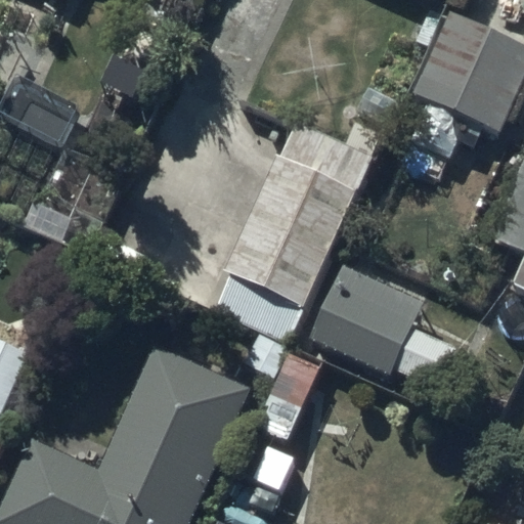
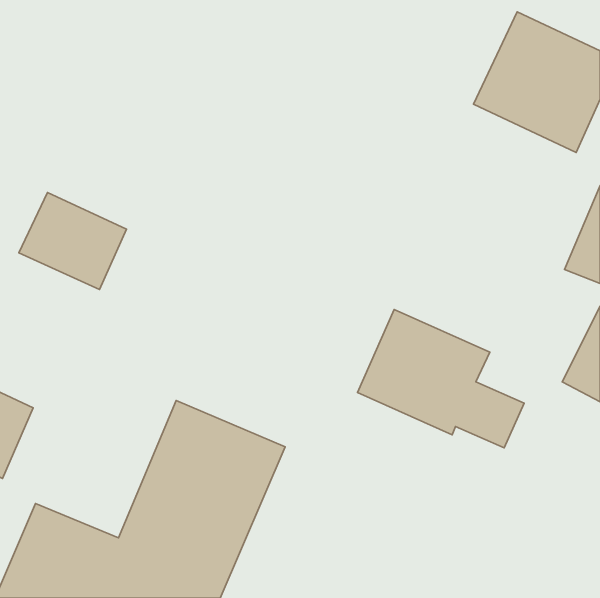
building: [214,123,376,346] -> none

